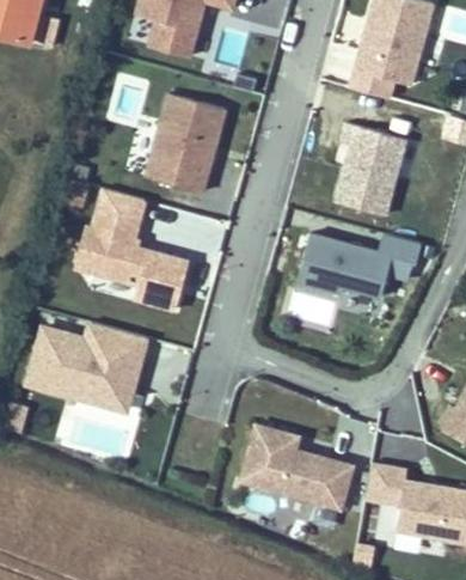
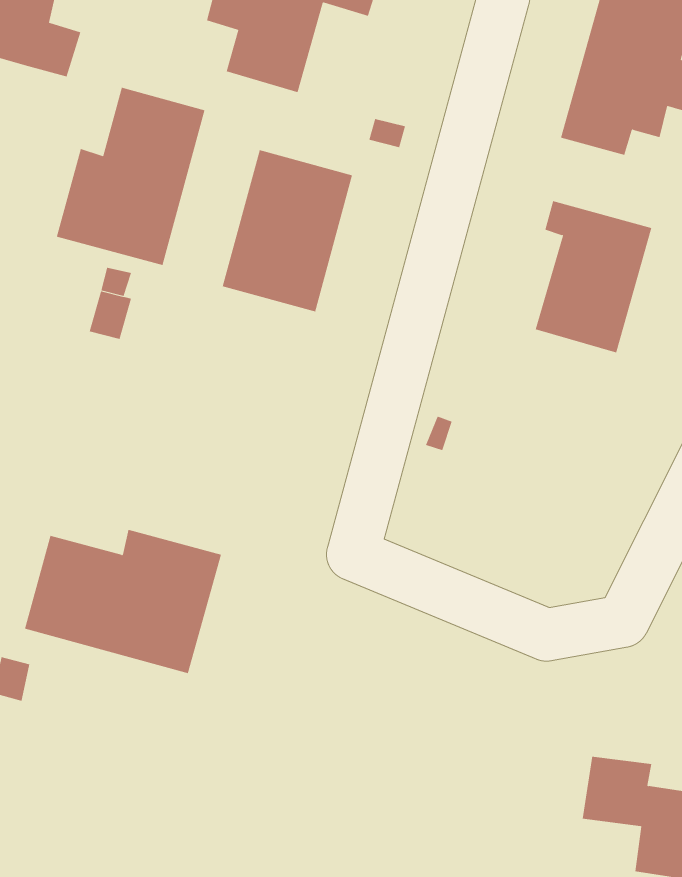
building: none -> [56,87,205,266]
building: [76,208,188,310] -> none
building: [295,233,418,301] -> none
building: [240,425,352,509] -> none

